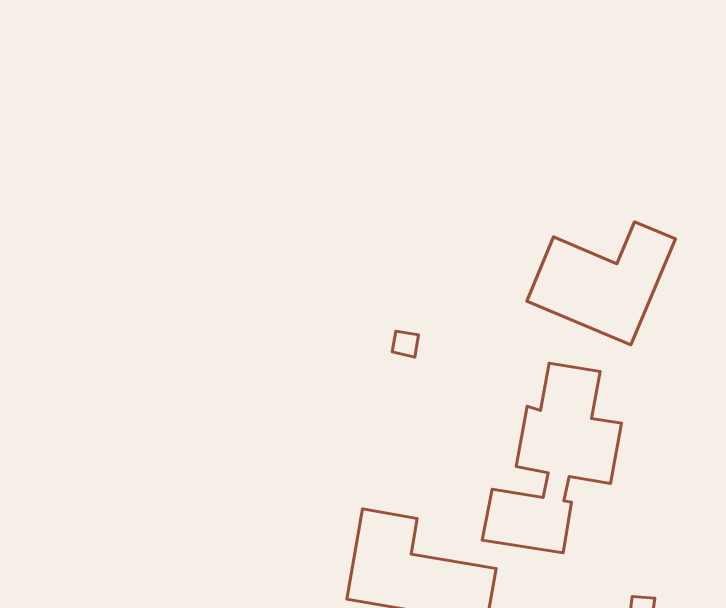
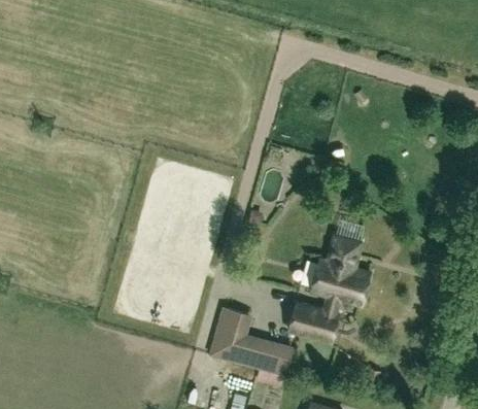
building: [527,222,675,345] -> none

